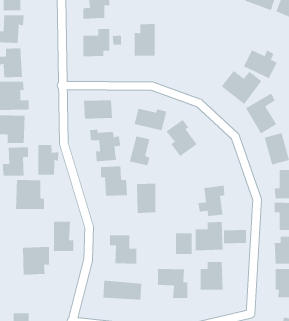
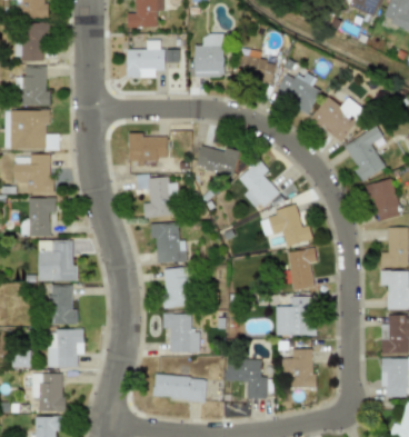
building: none -> [236,58,275,81]
building: [243,50,278,79] -> [276,72,321,111]
building: [129,135,150,166] -> none
building: [38,144,59,176] -> none
building: none -> [268,206,313,247]
building: [136,183,156,213] -> [164,267,191,307]
building: [53,221,74,251] -> [50,285,78,325]
building: [223,229,247,244] -> none
building: [176,233,192,255] -> none
building: none -> [32,373,64,411]

